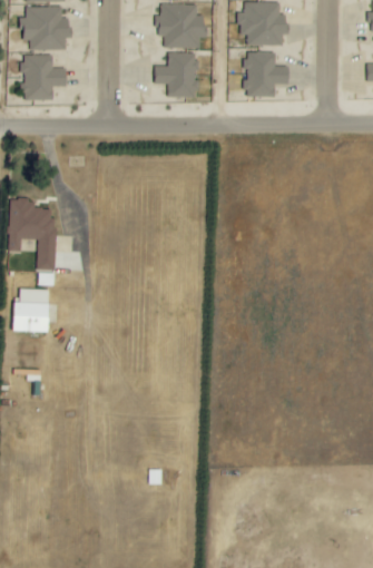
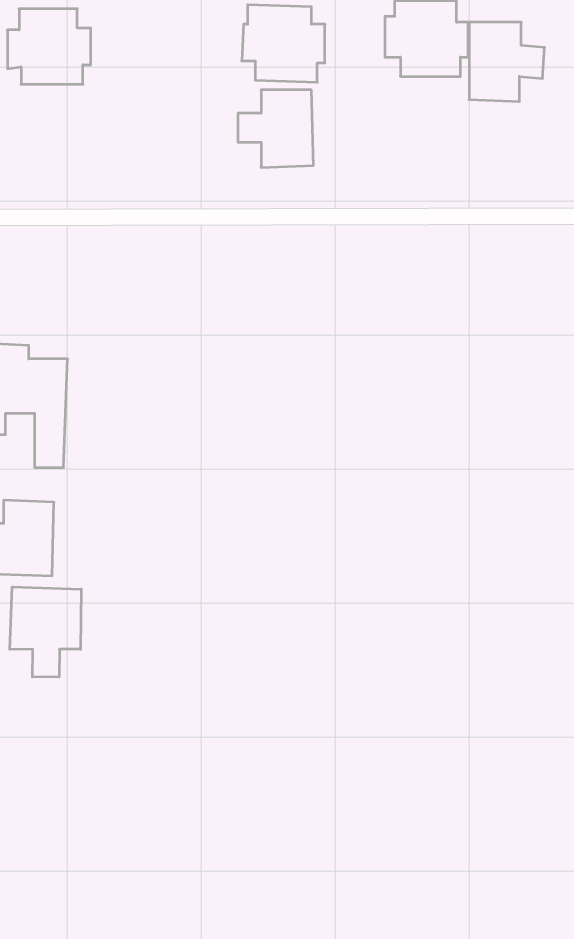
building: [245,51,288,97] -> [469,22,545,102]
building: [22,53,66,99] -> none
building: none -> [10,587,81,677]

